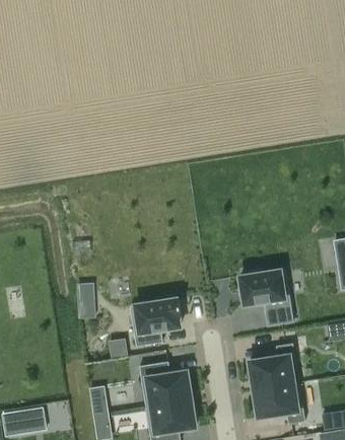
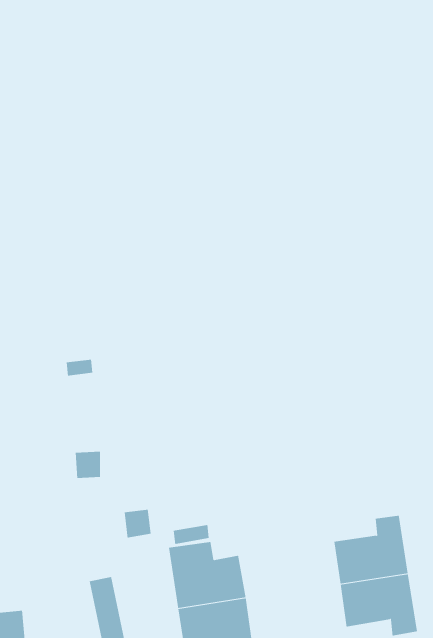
building: [239,269,292,325] -> none
building: [129,293,180,344] -> none

